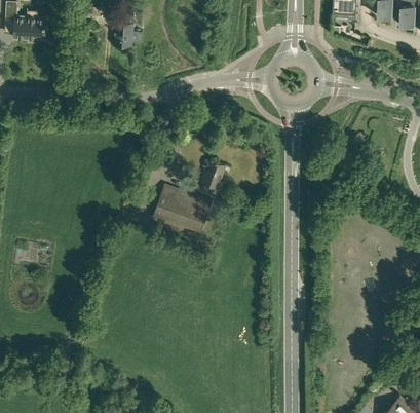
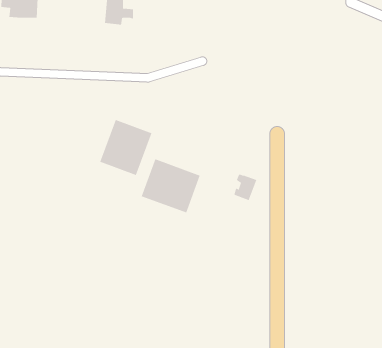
building: none -> [100,119,152,176]
building: [200,160,225,188] -> [233,174,257,201]

